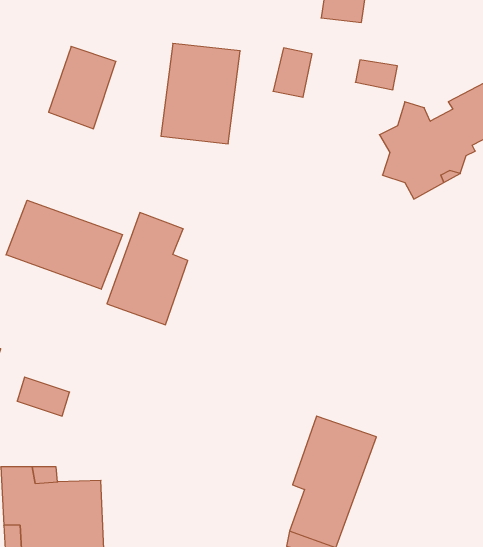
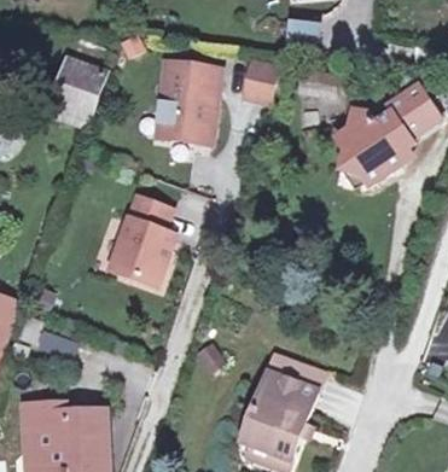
building: [6,200,122,289] -> none

